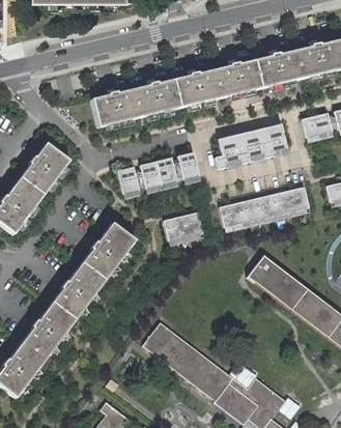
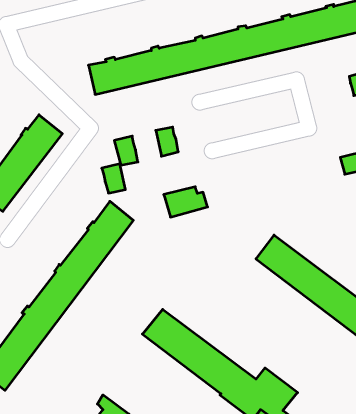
building: [301,111,331,135] -> none
building: [214,122,286,168] -> none
building: [175,151,197,178] -> none
building: [138,160,160,187] -> [102,164,125,193]
building: [218,186,308,226] -> none

